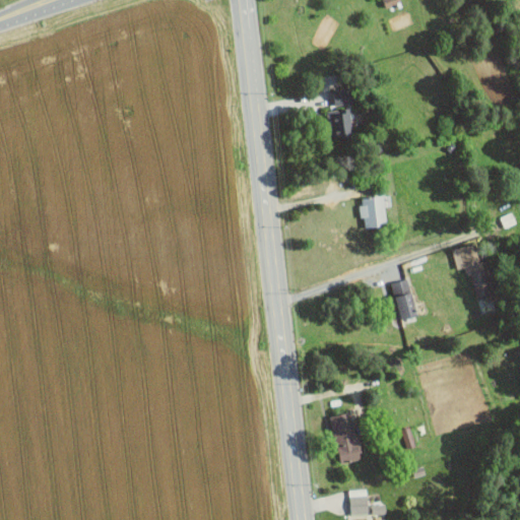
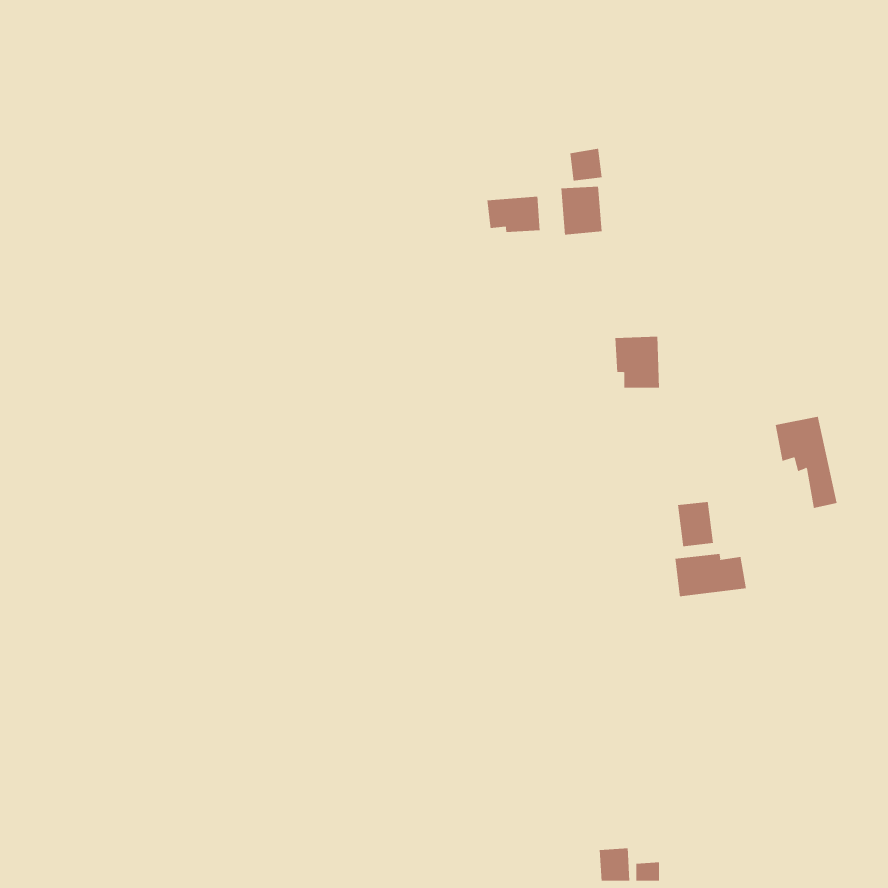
building: none -> [487,196,540,233]
building: none -> [675,553,746,597]
building: [330,412,362,464] -> none

